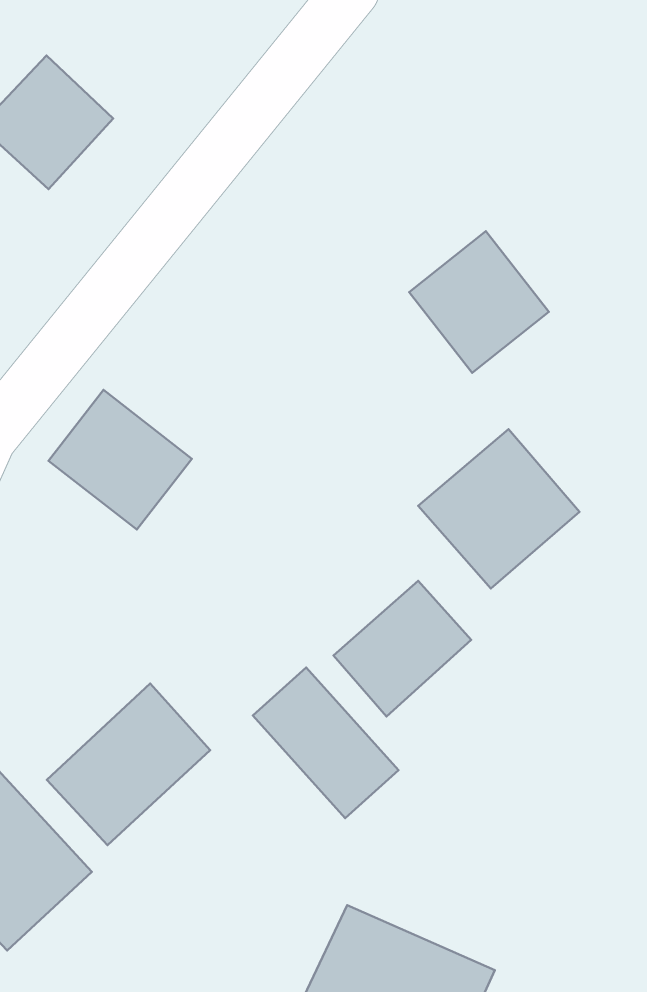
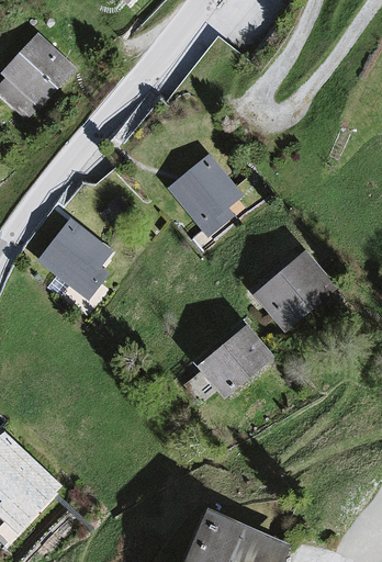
building: [409,231,549,373] -> [167,154,245,233]
building: [253,667,399,818] -> none
building: [47,684,210,845] -> none

